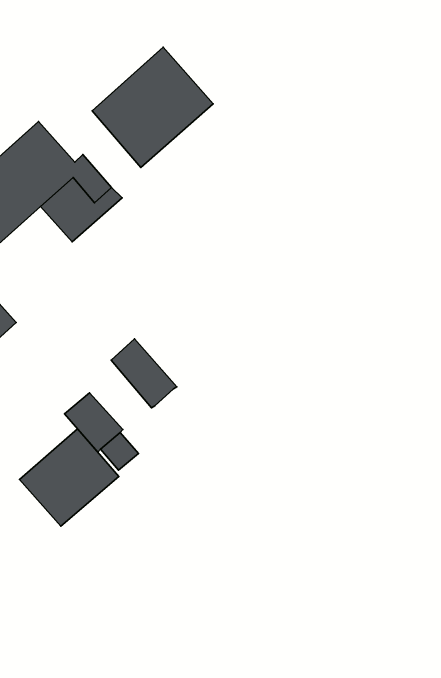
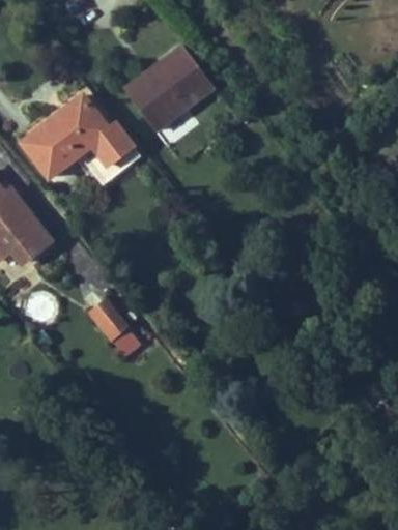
building: [111,339,177,408] -> none
building: [19,429,119,526] -> none

